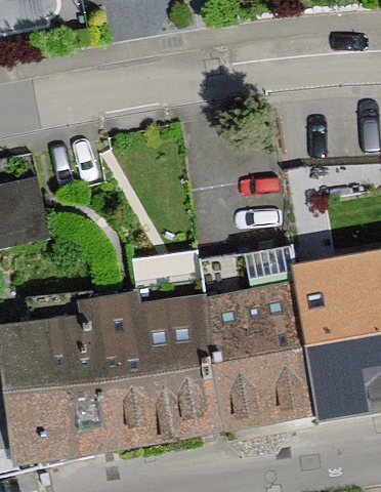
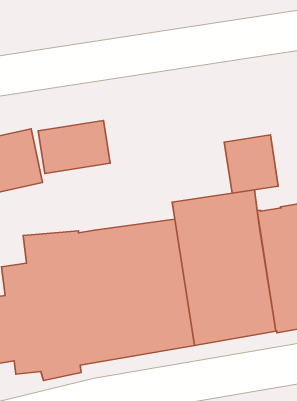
building: none -> [38,121,110,174]
building: none -> [224,135,278,193]

